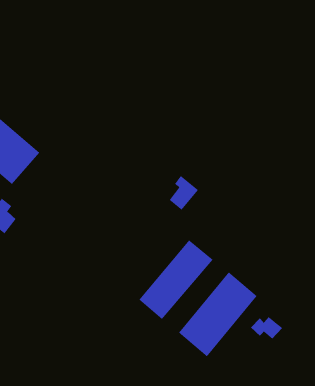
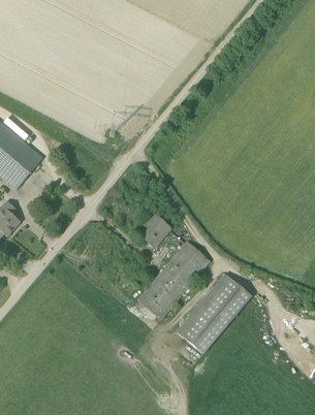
building: [169,175,199,211] -> [141,213,170,247]
building: [250,304,283,339] -> none

